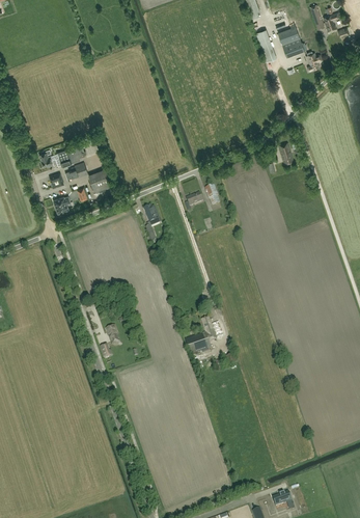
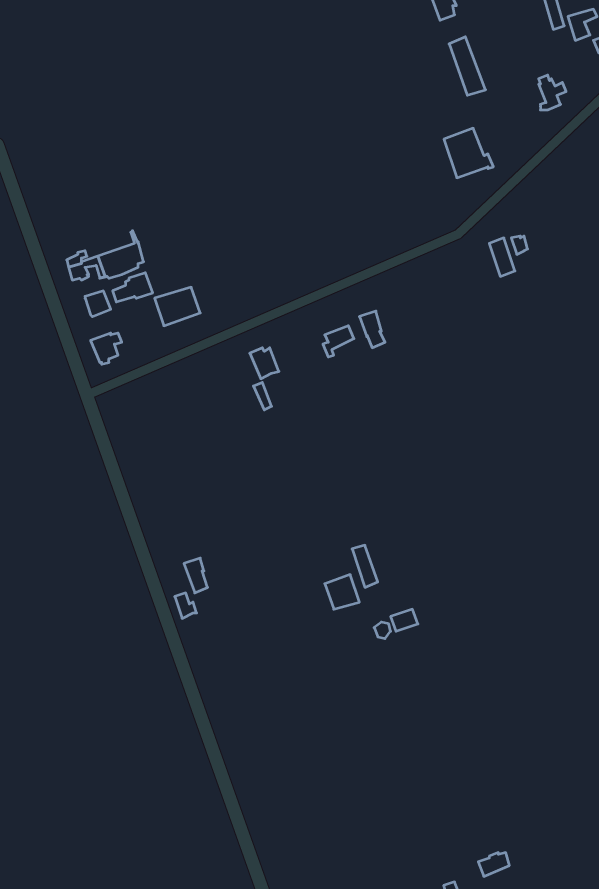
building: [279,27,307,55] -> [444,128,493,178]

